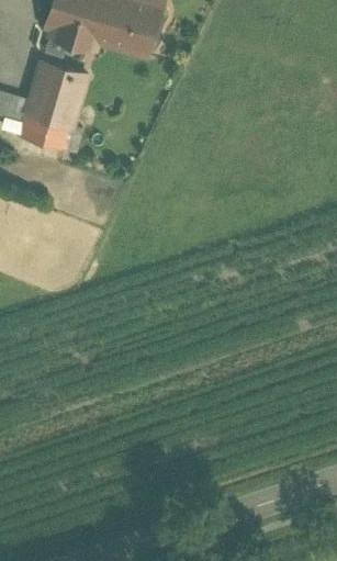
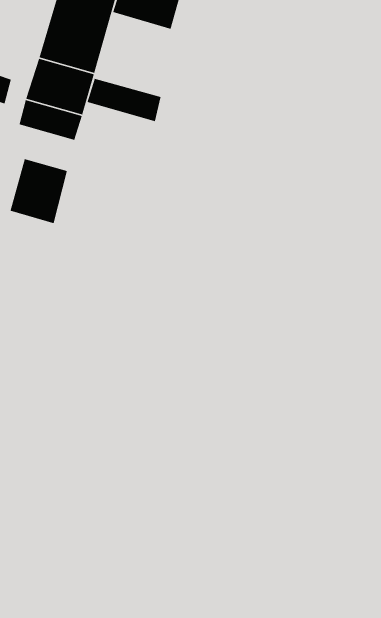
building: none -> [86,78,162,122]
building: none -> [9,158,68,224]

